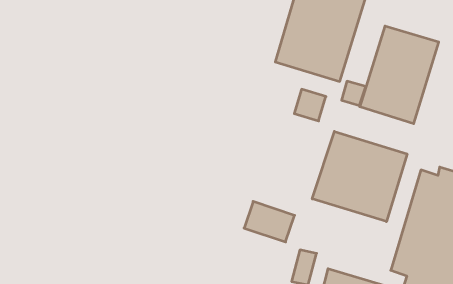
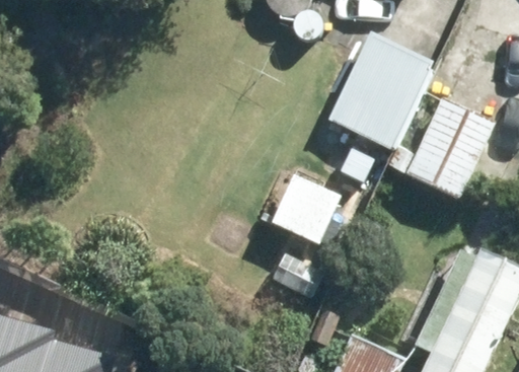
building: [312,131,407,222] -> none

